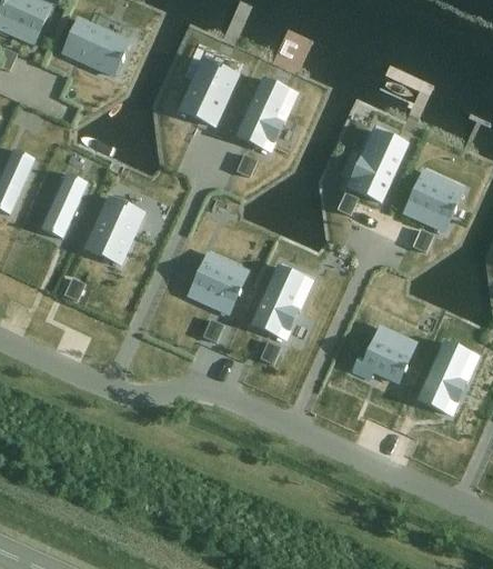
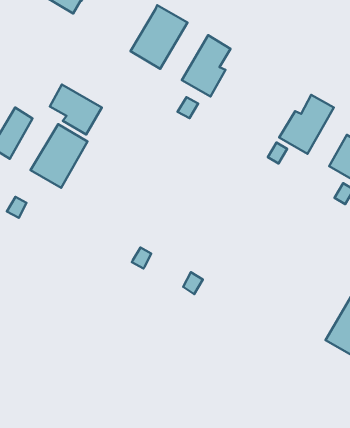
building: none -> [50,85,102,134]
building: [189,258,244,312] -> none
building: [253,271,304,337] -> none
building: [353,336,411,380] -> none

